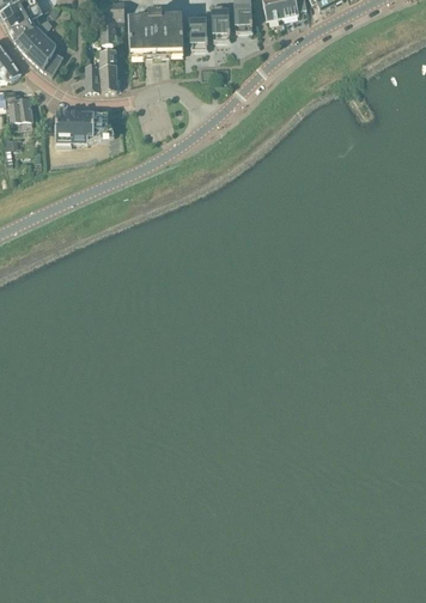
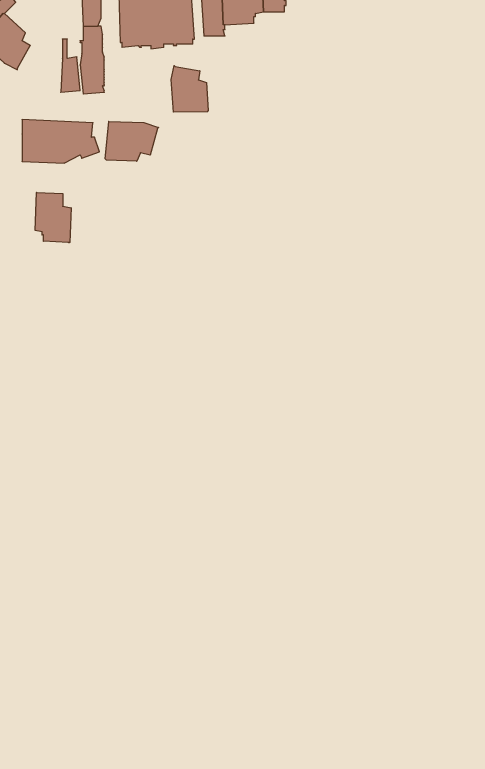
building: none -> [171,66,208,112]
building: none -> [105,121,159,161]
building: none -> [35,192,71,243]

